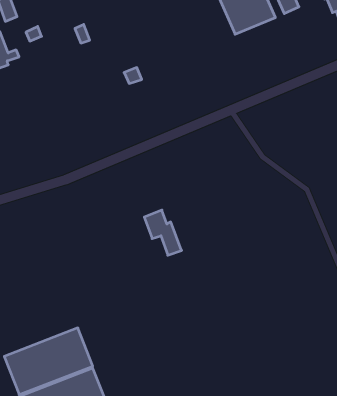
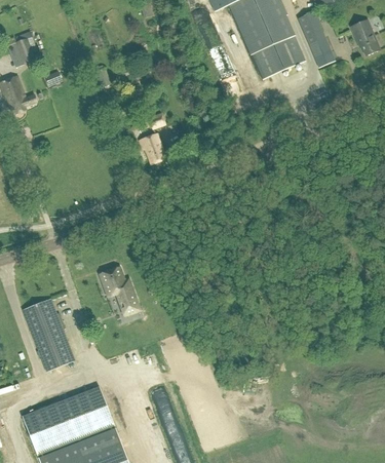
building: none -> [138,133,165,165]
building: [144,210,182,255] -> [99,266,138,313]
building: none -> [23,298,73,372]

